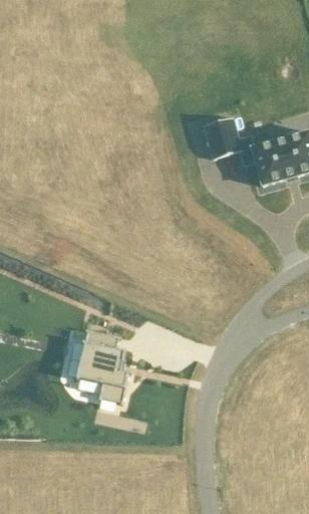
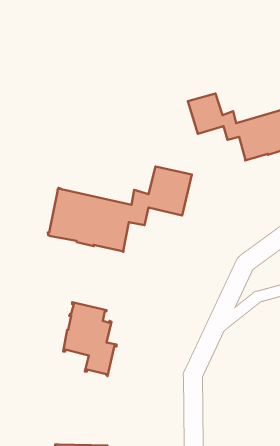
building: none -> [48,167,192,252]

